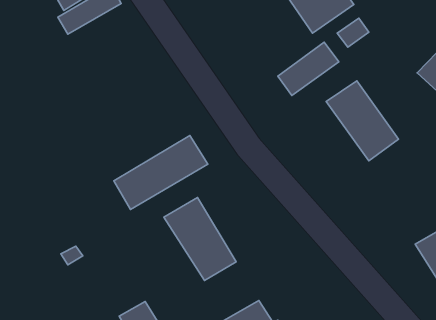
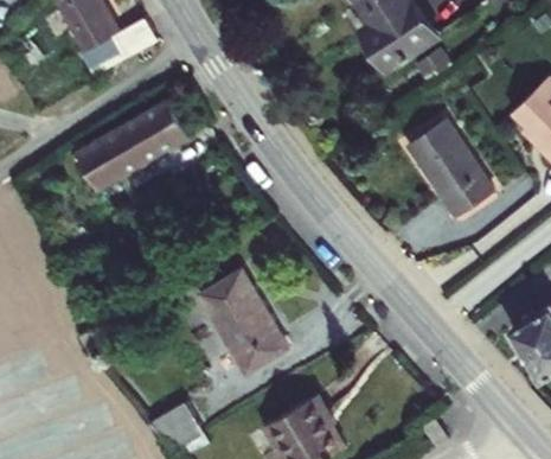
building: [278,42,339,96] -> none
building: [114,135,208,210] -> [76,98,188,187]

